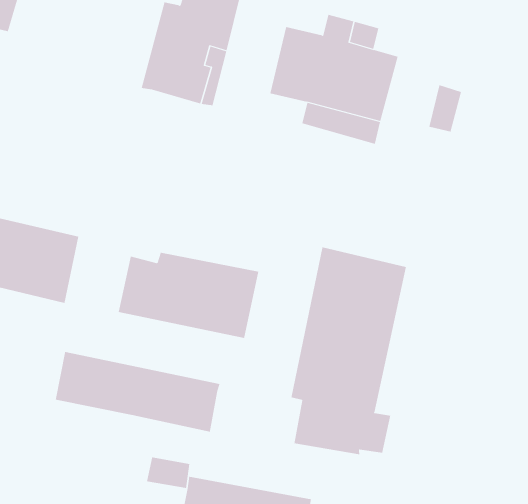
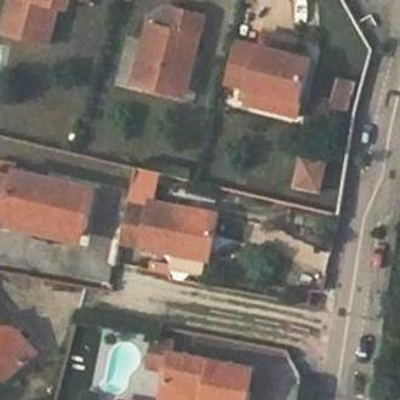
building: [291,246,406,455] -> none
building: [55,351,220,433] -> none

